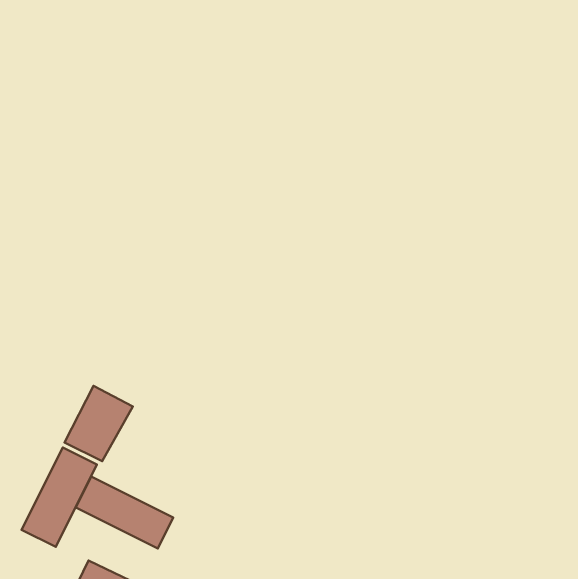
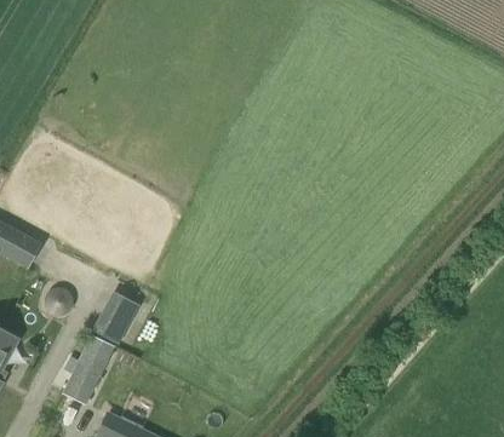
building: [76,477,173,548] -> none

